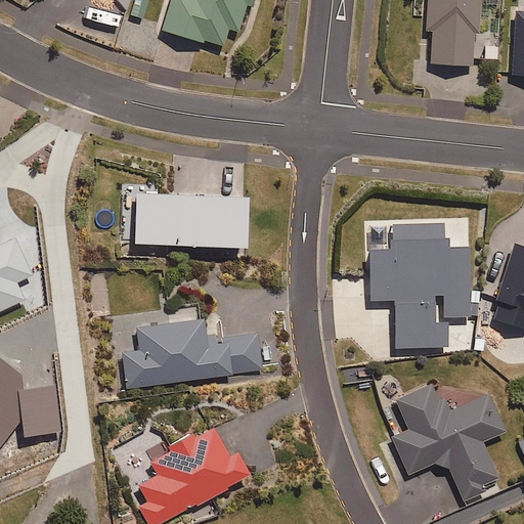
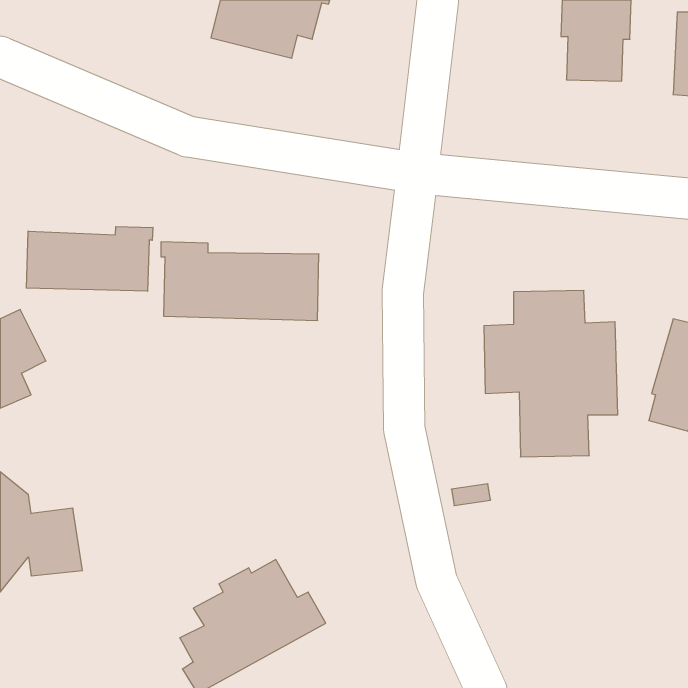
building: none -> [26,227,153,291]
building: [122,317,263,389] -> none
building: [393,383,506,504] -> none

